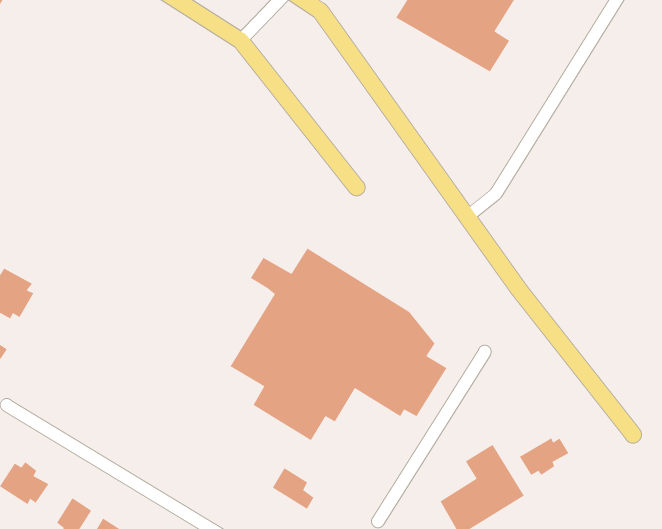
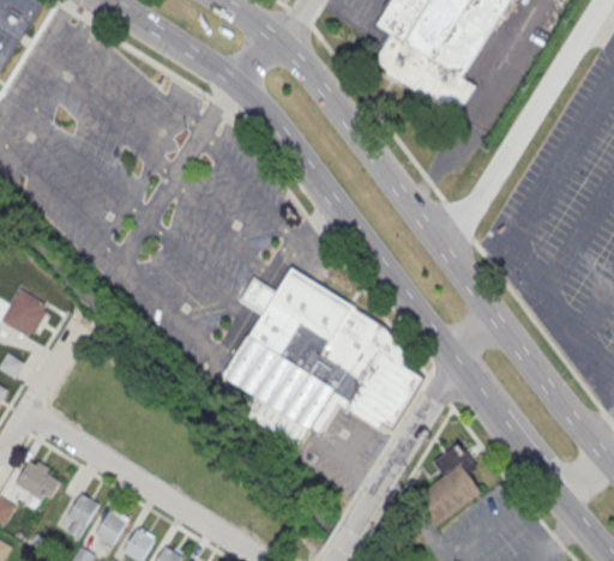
building: [519,437,570,476] -> none
building: [272,467,315,510] -> none

